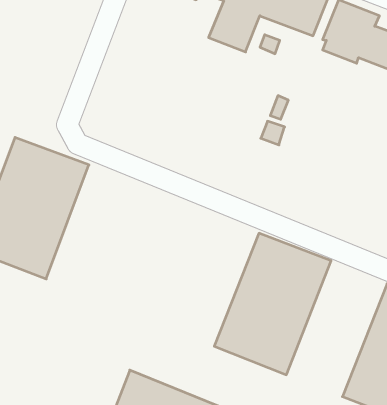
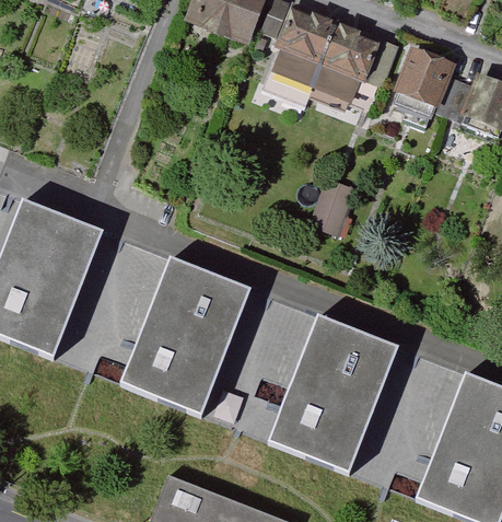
building: none -> [116,256,250,419]

